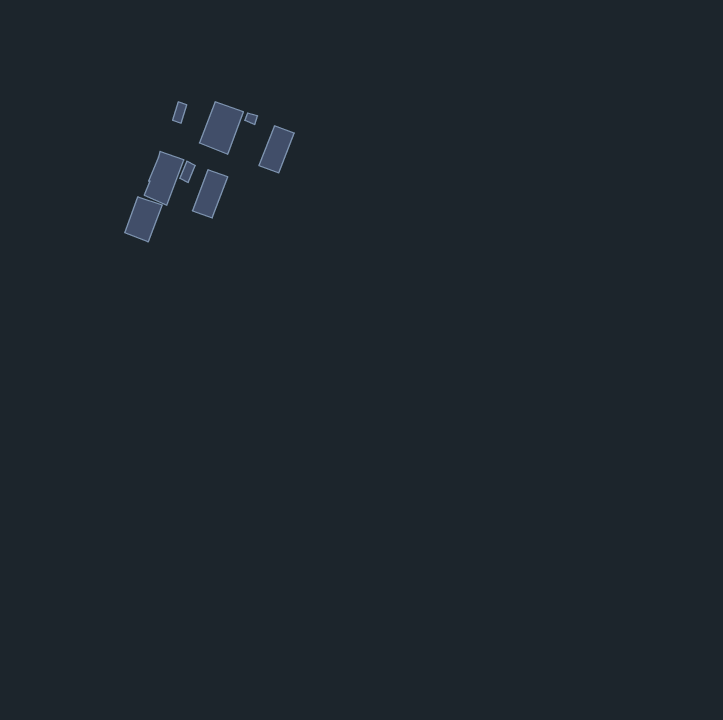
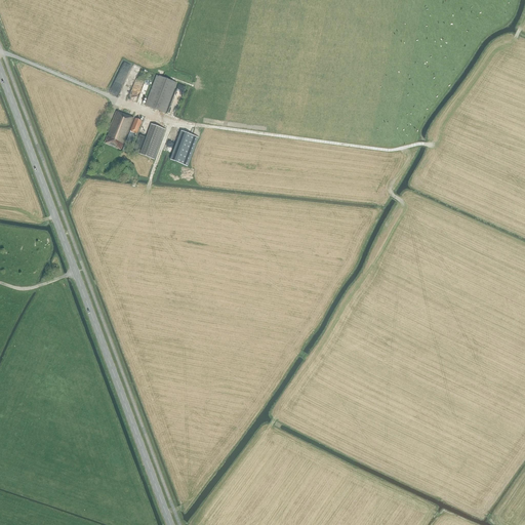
building: [259,126,294,173] -> [169,129,195,163]
building: [125,197,162,242] -> none

